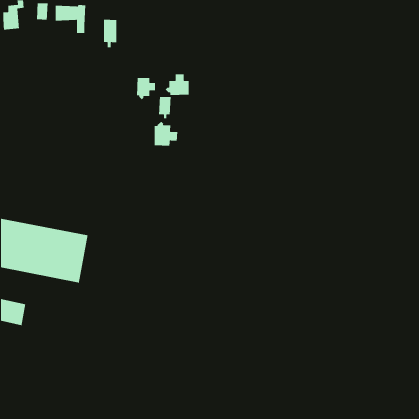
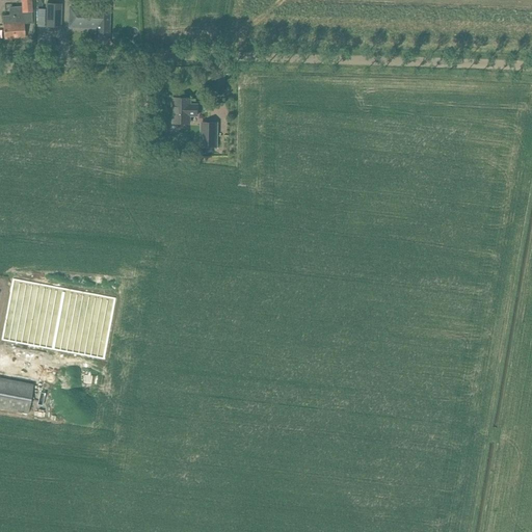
building: [103,19,117,48] -> none
building: [165,74,190,96] -> none
building: [154,121,178,147] -> none

